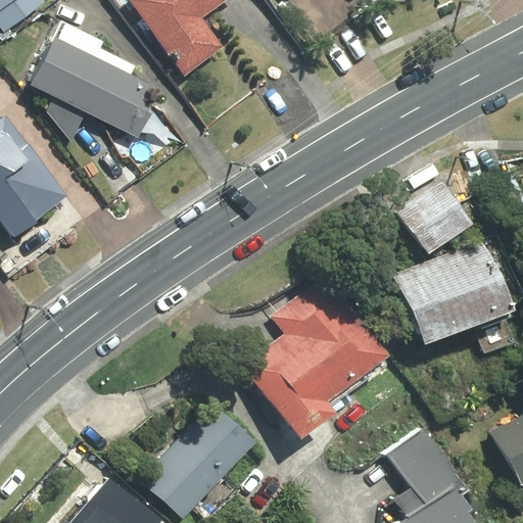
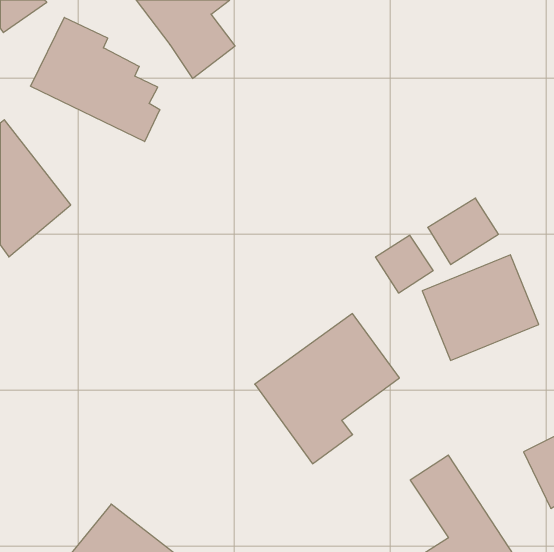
building: none -> [376,235,433,293]
building: [143,407,251,517] -> none

